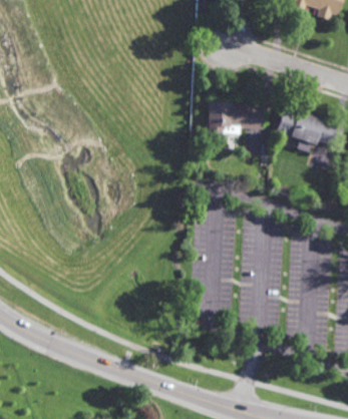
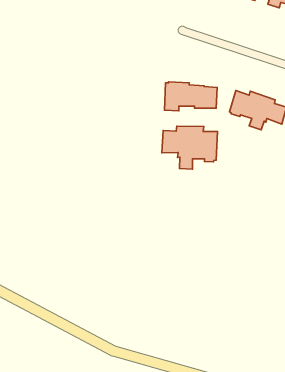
building: none -> [162,126,217,169]

